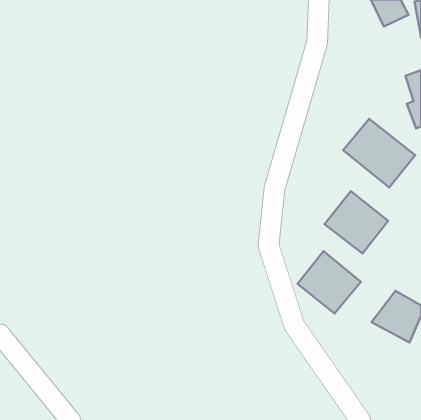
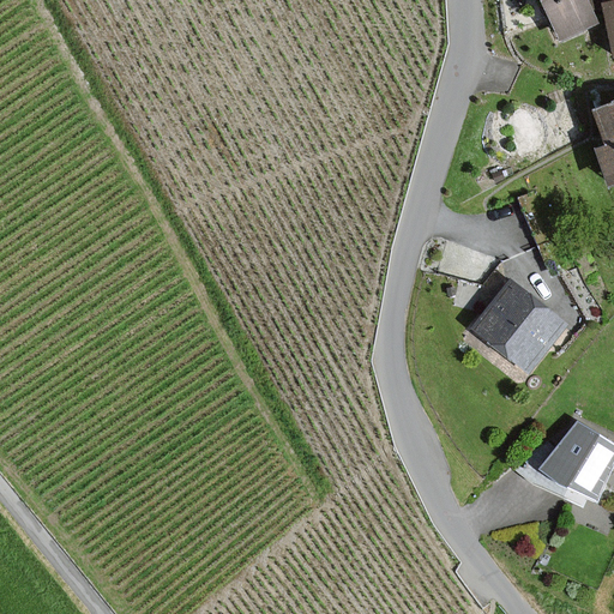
building: [343,119,415,187] -> none
building: [297,251,361,314] -> none

